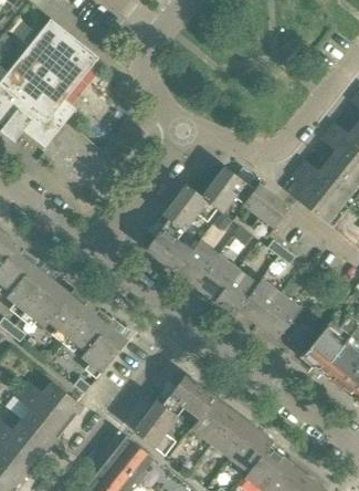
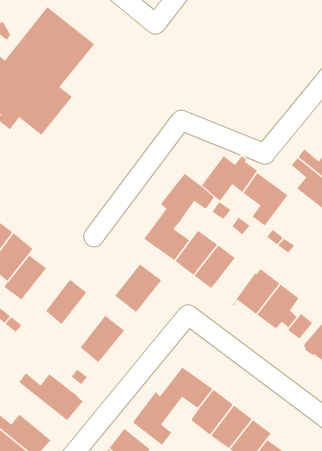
building: [212,268,255,314] -> none
building: [24,278,68,326] -> none
building: [64,302,112,356] -> [114,263,162,318]
building: [14,390,70,448] -> none

